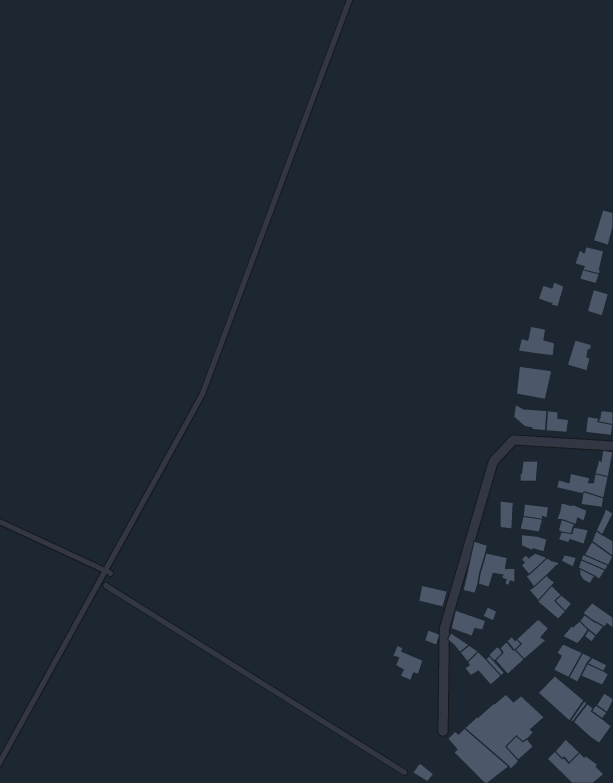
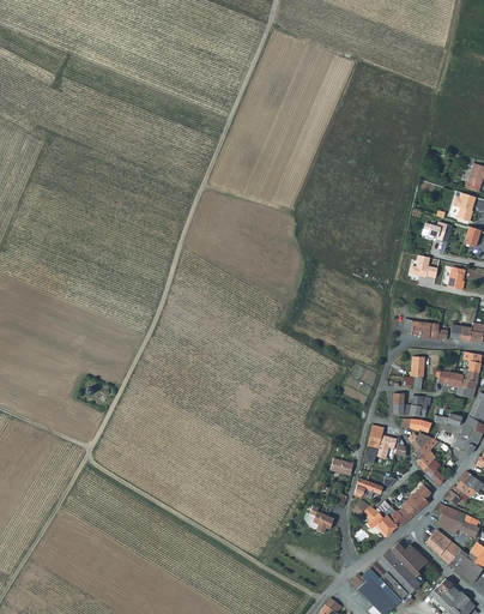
building: [517,366,551,400] -> none

